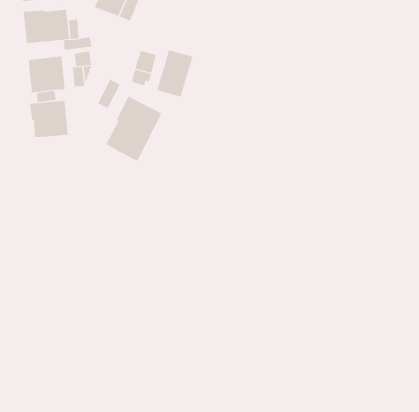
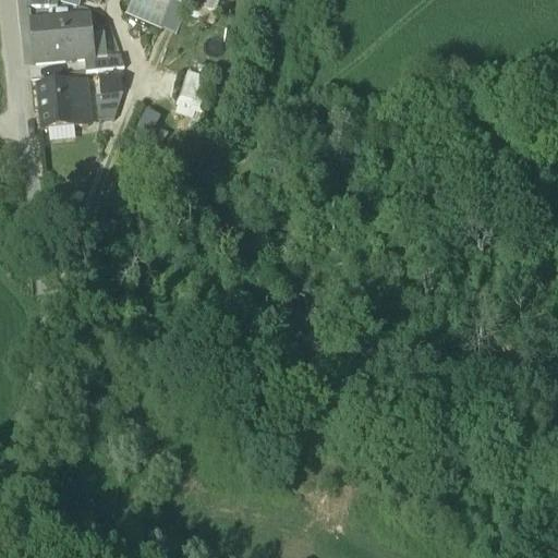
building: [157,49,193,97] -> none
building: [105,96,162,161] -> none
building: [30,100,68,138] -> none

